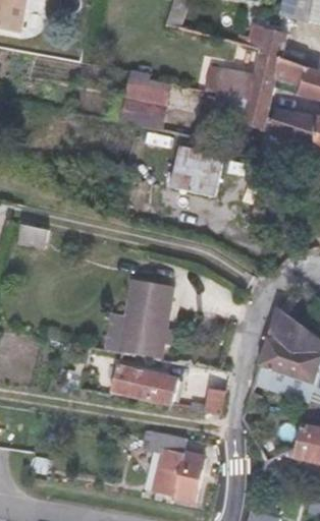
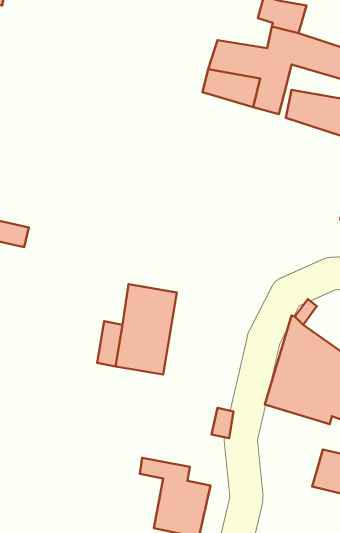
building: [121,72,170,130] -> none
building: [170,146,224,193] -> none
building: [110,364,176,405] -> none

